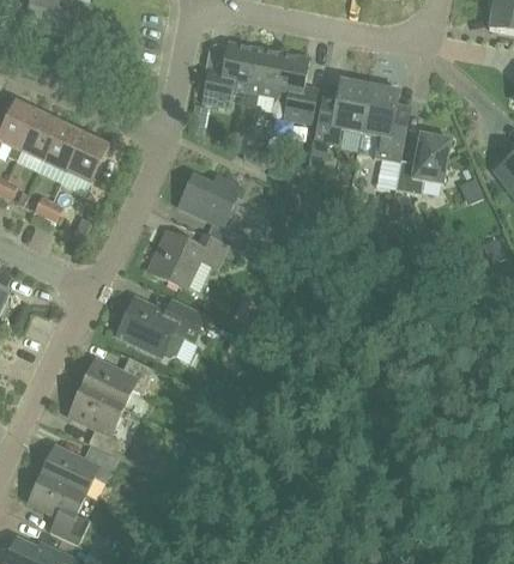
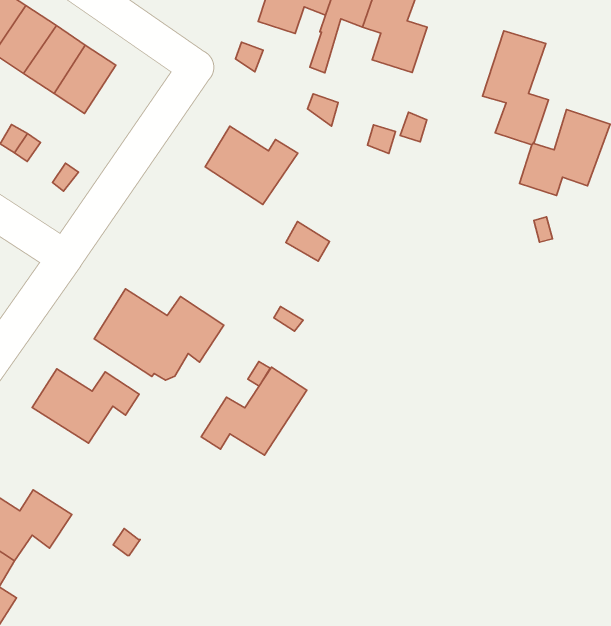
building: [314,79,369,142] -> none
building: [147,231,228,287] -> none
building: none -> [201,367,307,455]
building: [68,387,123,454] -> none

